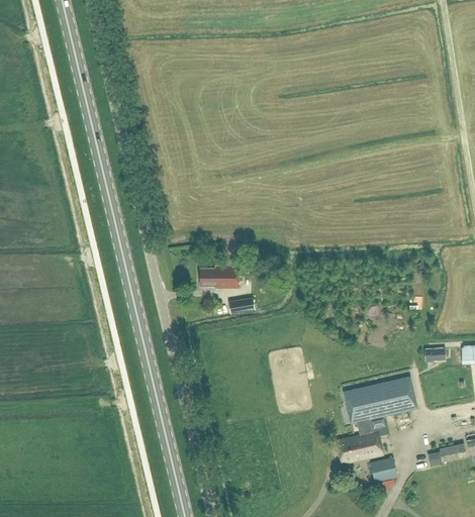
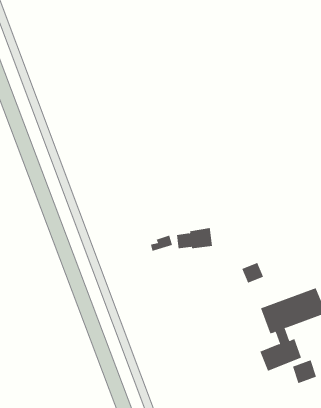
building: [199,266,239,287] -> [176,228,213,249]
building: none -> [242,262,264,283]

